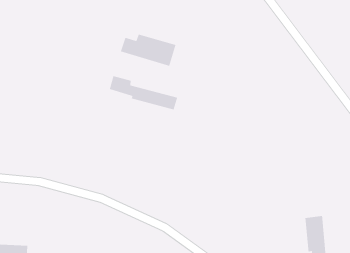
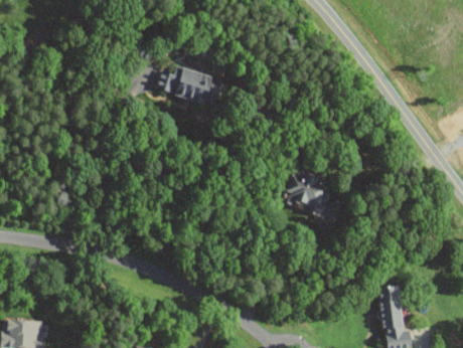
building: [109,75,178,111] -> none
building: none -> [285,170,329,217]

